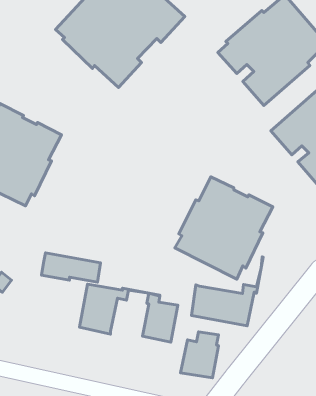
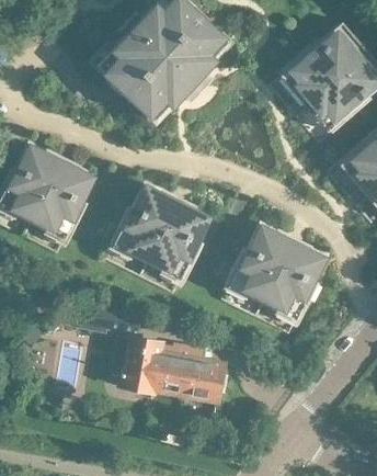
building: none -> [106,181,213,294]
building: [192,257,263,326] -> none
building: [181,332,219,378] -> [151,345,193,396]

